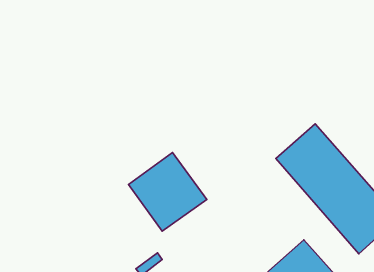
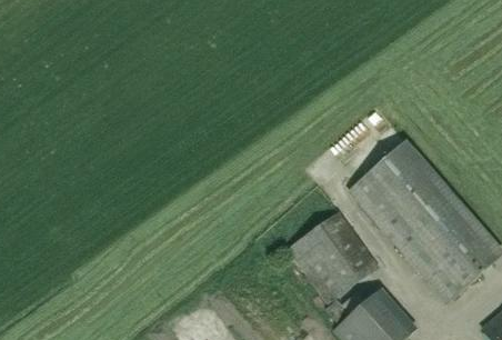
building: [129,153,207,231] -> [288,209,381,302]

